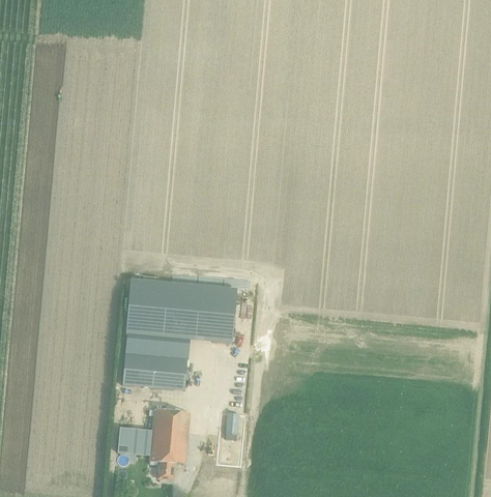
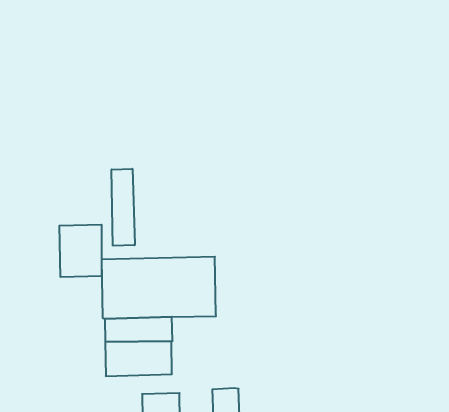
building: none -> [112,169,135,246]
building: none -> [59,225,102,277]

